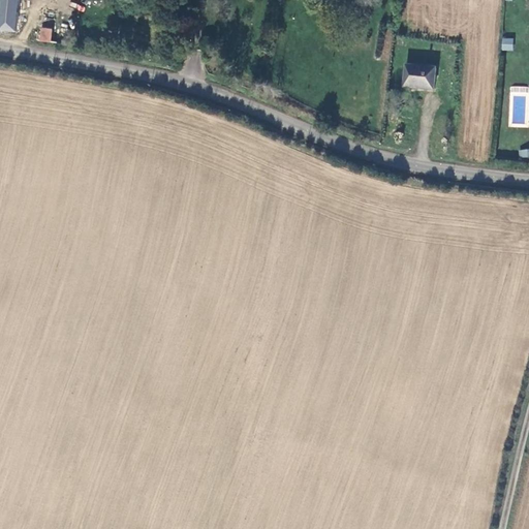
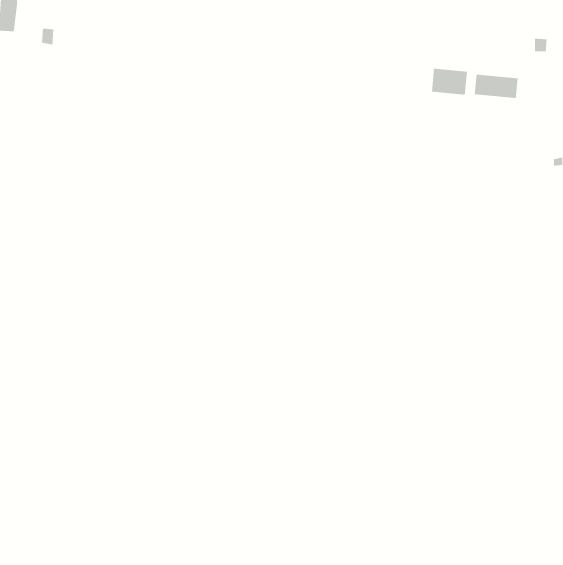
building: none -> [474,74,519,99]

